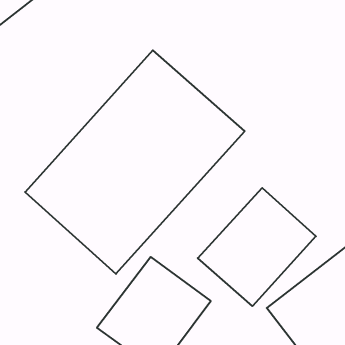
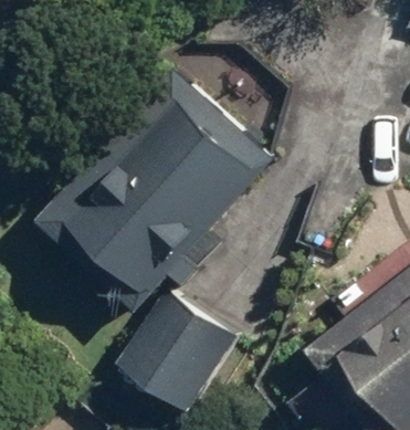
building: [198,188,316,306] -> none

